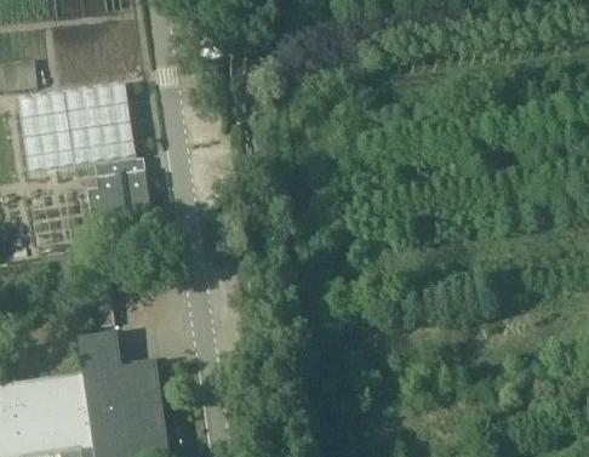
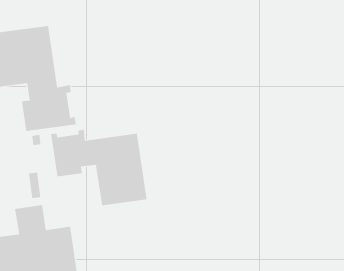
building: none -> [51,129,147,206]

